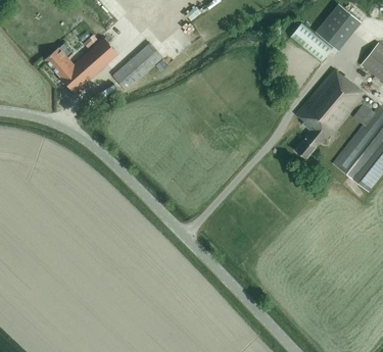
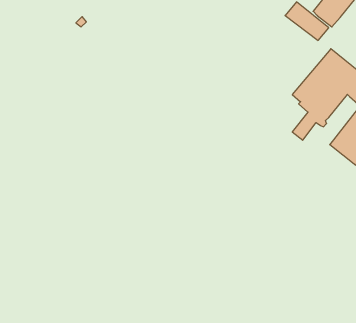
building: [45,38,118,93] -> none
building: [113,43,169,91] -> none

